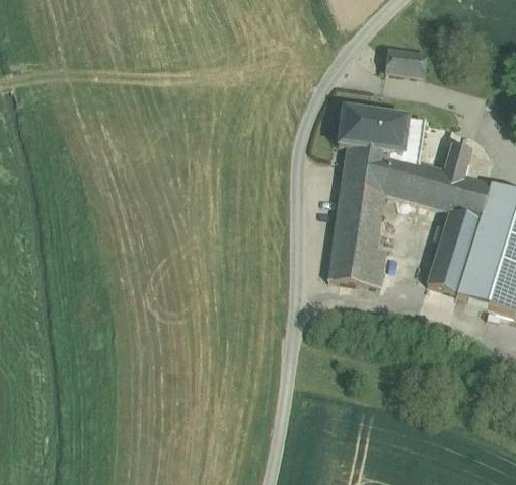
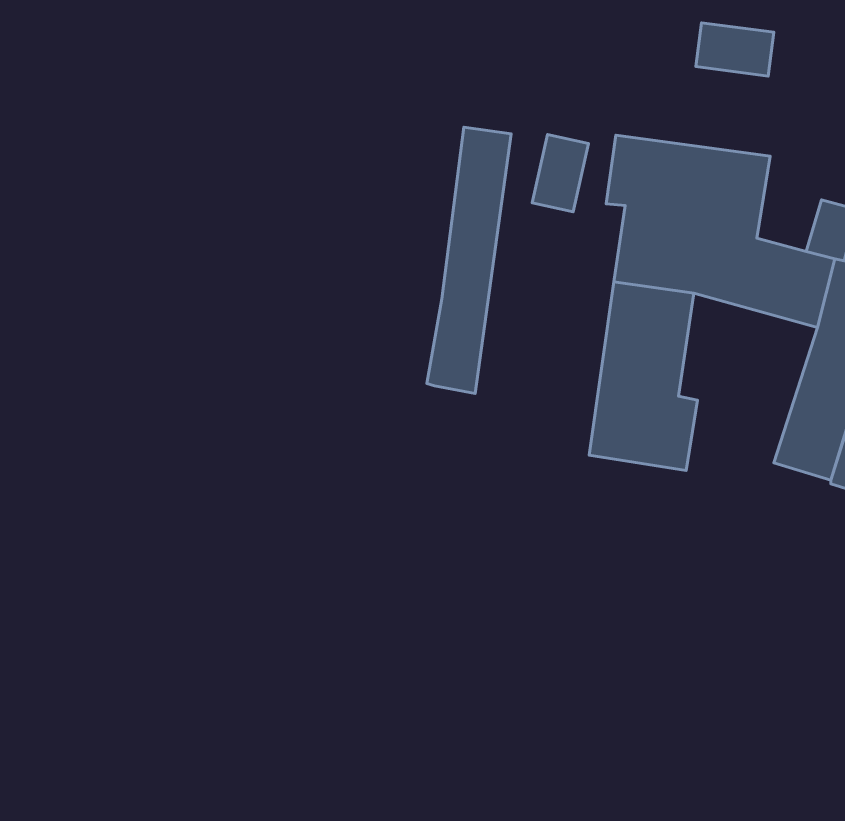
building: none -> [427,127,511,393]
building: none -> [532,134,588,212]

